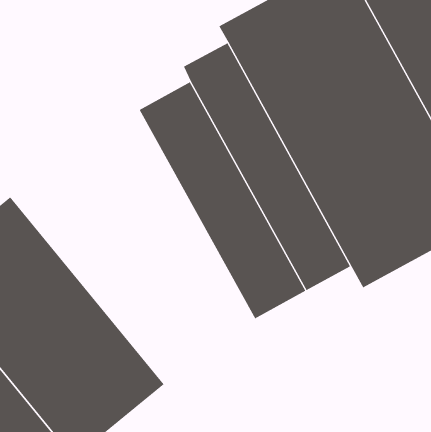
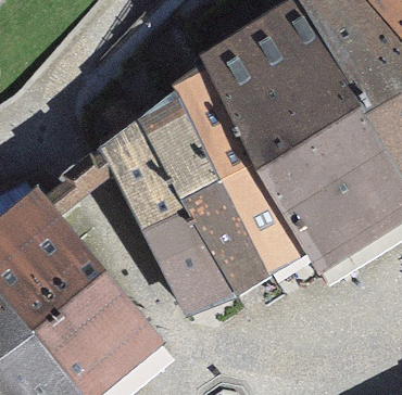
building: none -> [103,122,235,313]

